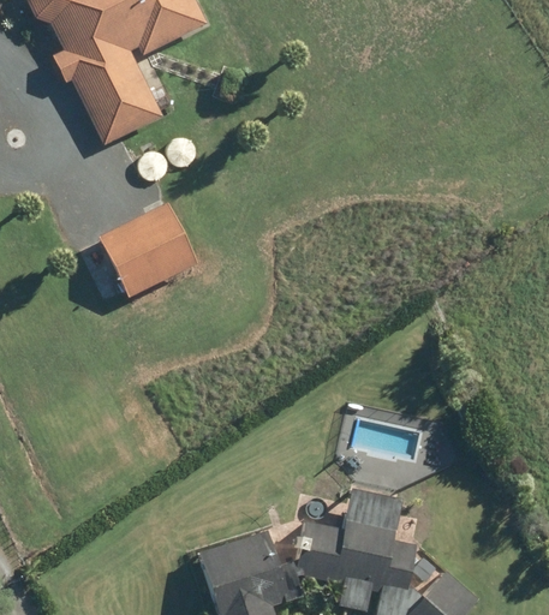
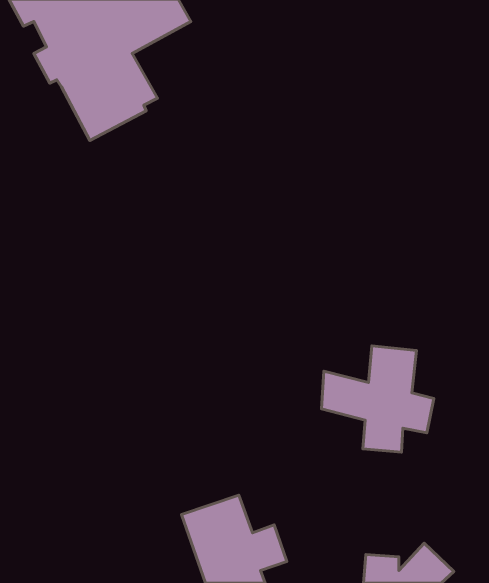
building: [95,202,193,298] -> none
building: [300,488,418,599] -> [322,346,434,452]

